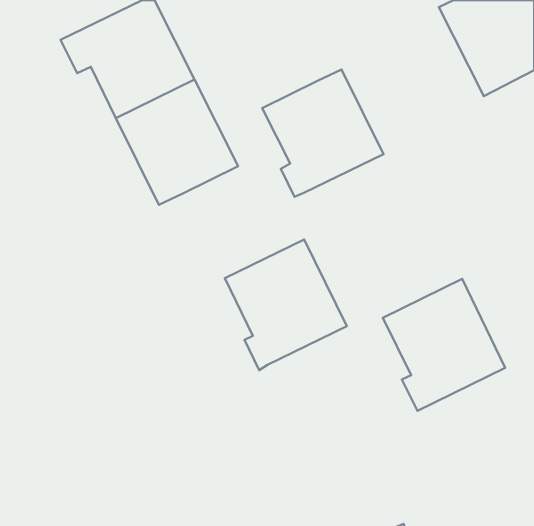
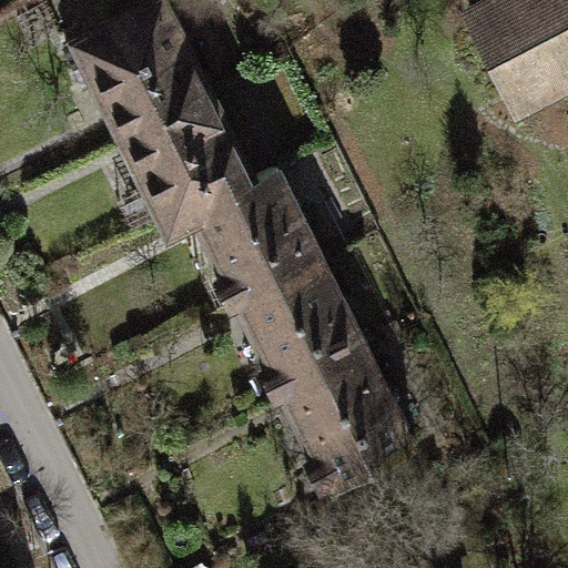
building: [262,69,383,197] -> [194,173,323,308]
building: [383,279,505,411] -> [284,355,414,495]

